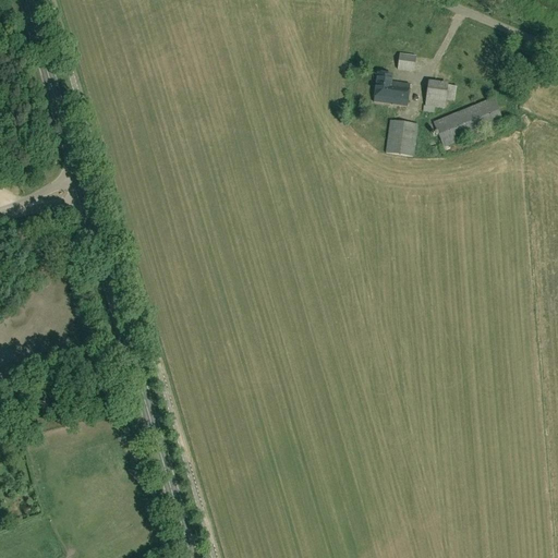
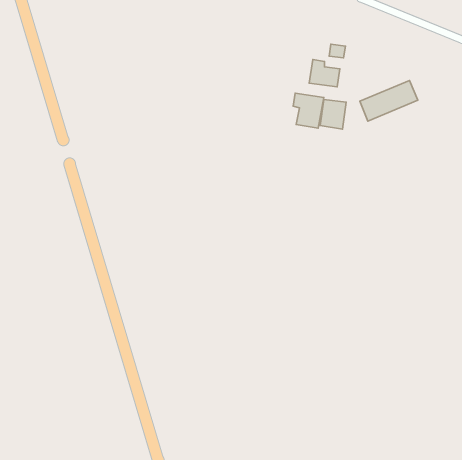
building: [423,80,457,111] -> none
building: none -> [293,93,324,128]

